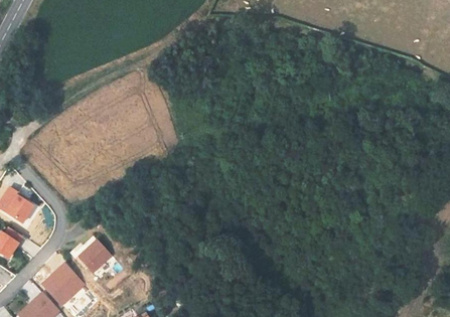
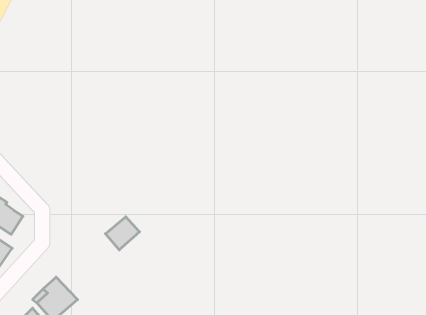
building: [79,242,111,273] -> [105,217,140,250]

